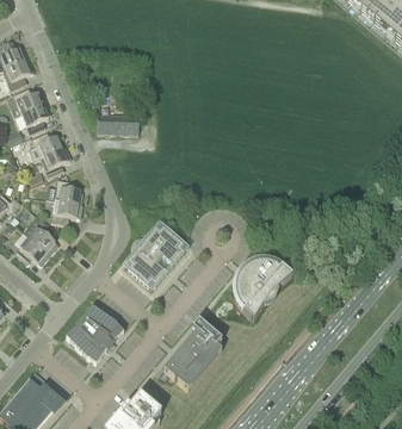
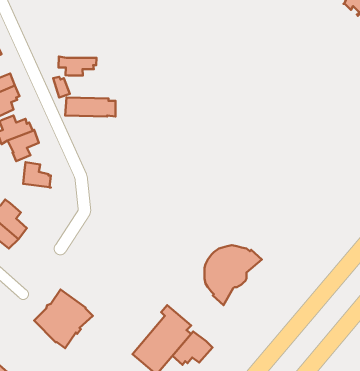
building: none -> [59,57,96,76]
building: [51,199,82,222] -> none
building: [128,226,184,285] -> none
building: none -> [172,331,213,365]

